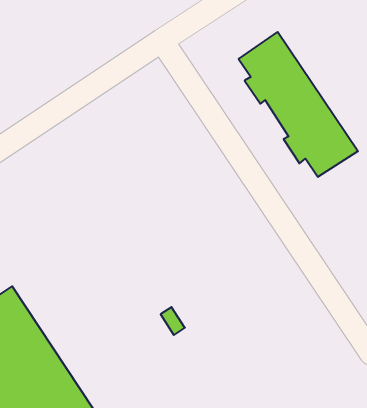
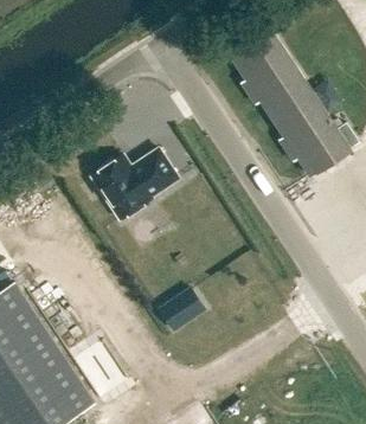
building: none -> [94,148,180,219]

